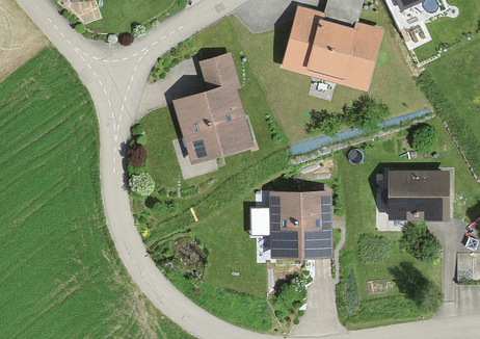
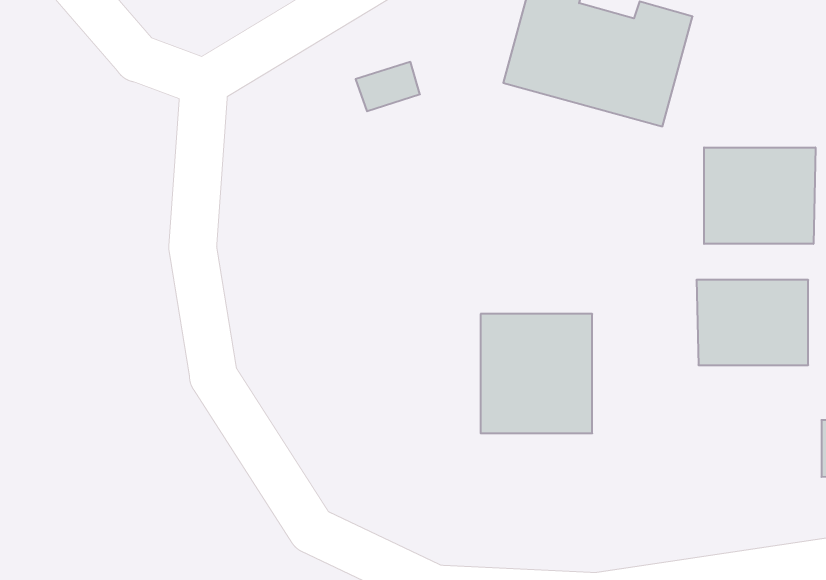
building: [175,82,251,161] -> none
building: none -> [704,147,815,244]

